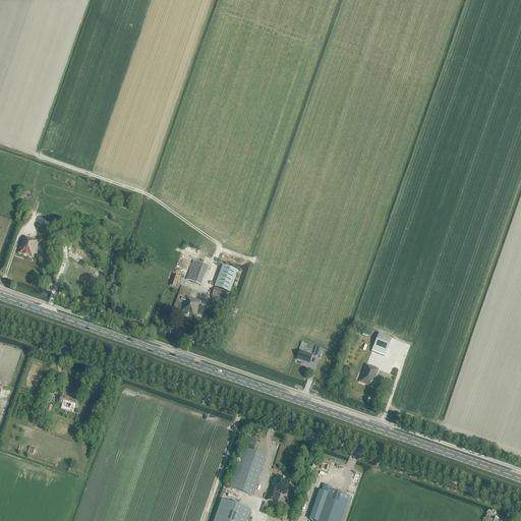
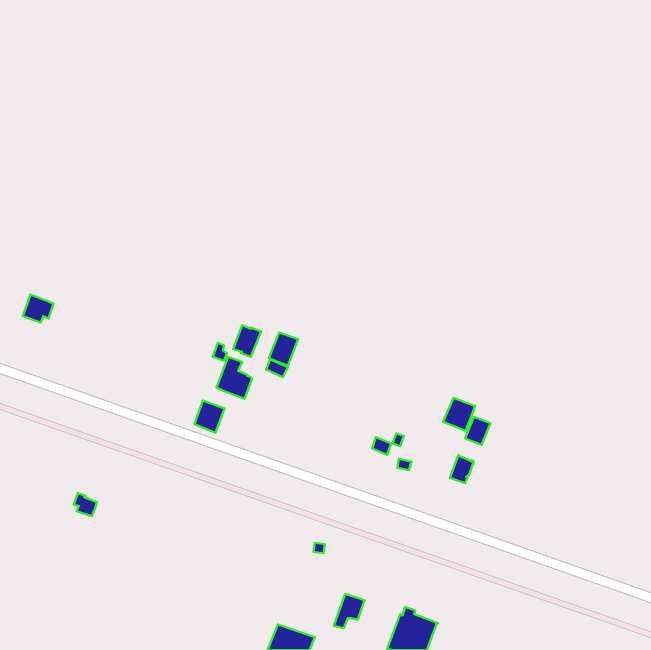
building: none -> [443,398,475,431]
building: none -> [195,401,225,433]
building: [230,448,266,495] -> none

